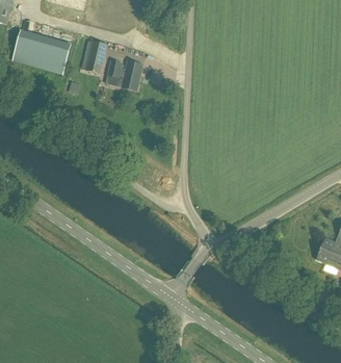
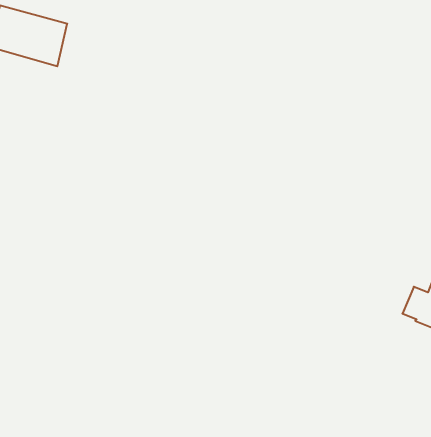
building: [85,41,107,72] -> none
building: [108,60,141,88] -> none

